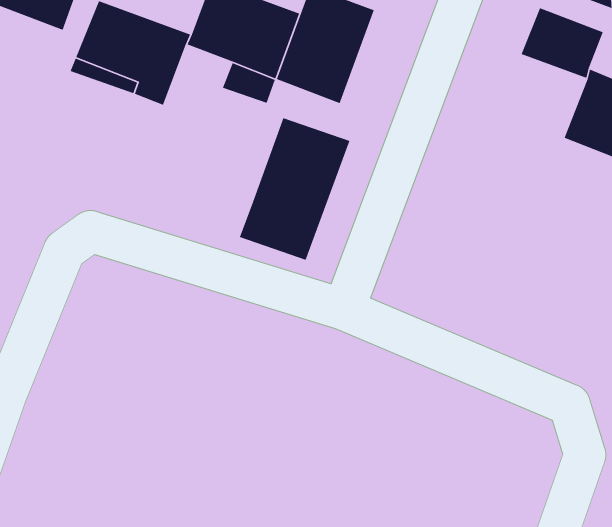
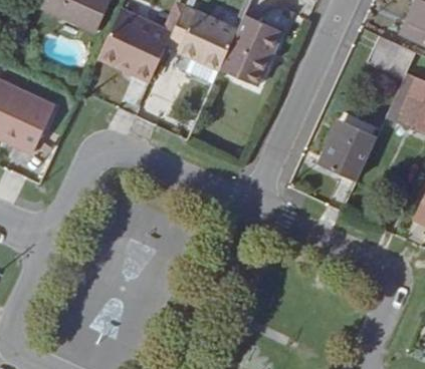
building: [239,117,350,261] -> none
building: none -> [322,122,377,178]

